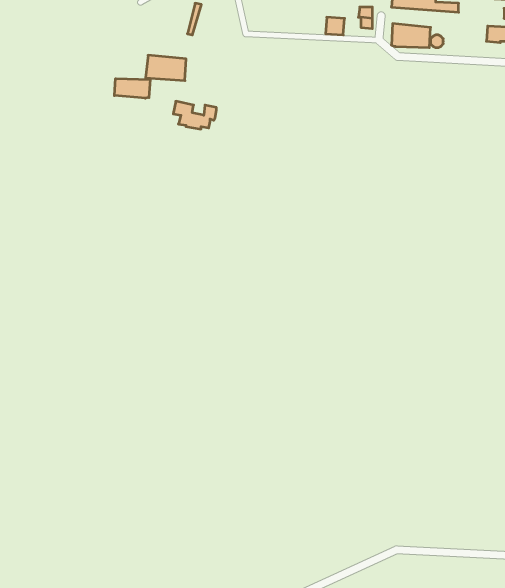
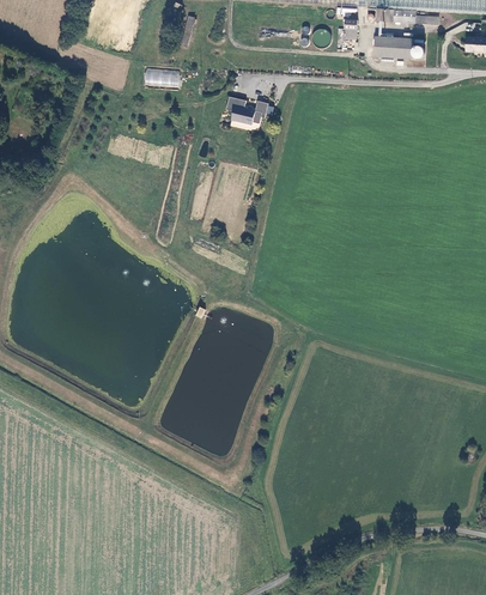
building: [114,79,150,98] -> none
building: [173,101,216,129] -> [226,96,267,122]

